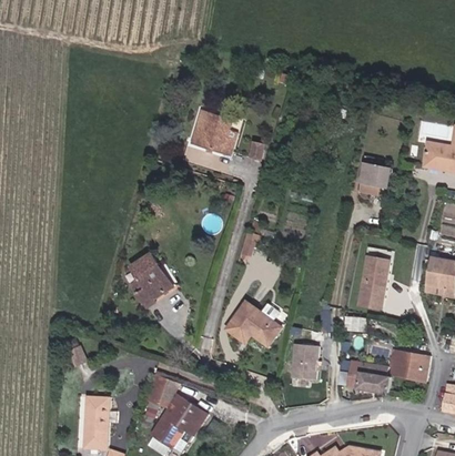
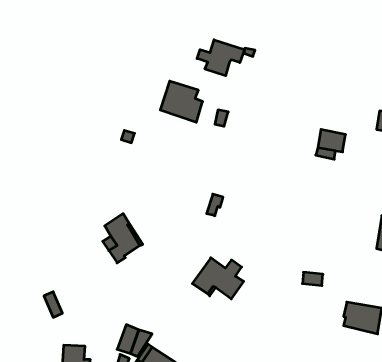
building: none -> [197,40,245,76]
building: [357,255,390,308] -> none
building: [291,343,317,379] -> none
building: [336,359,390,393] -> none

